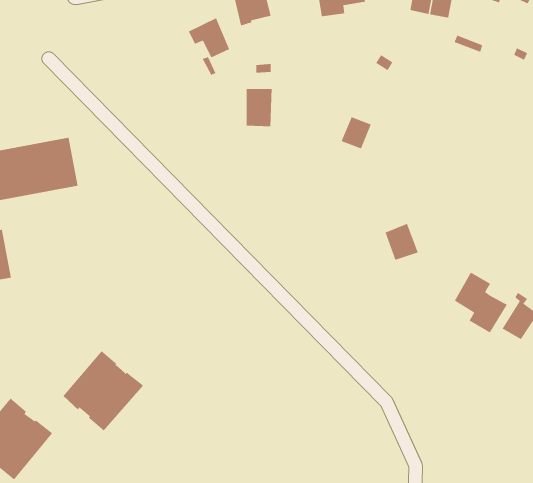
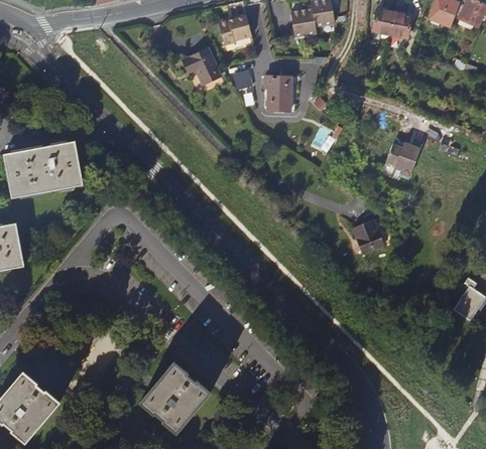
building: [246,88,272,127] -> [267,77,290,111]
building: none -> [385,144,419,178]
building: [454,271,508,334] -> none
building: [62,350,144,432] -> [139,361,211,433]

